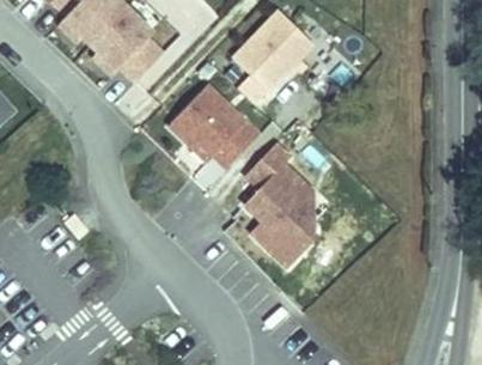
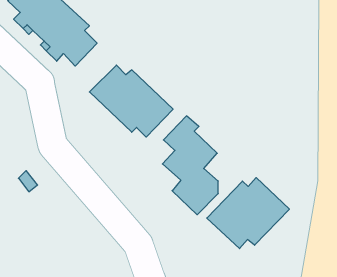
building: [233,11,315,92] -> none
building: none -> [207,178,289,249]

